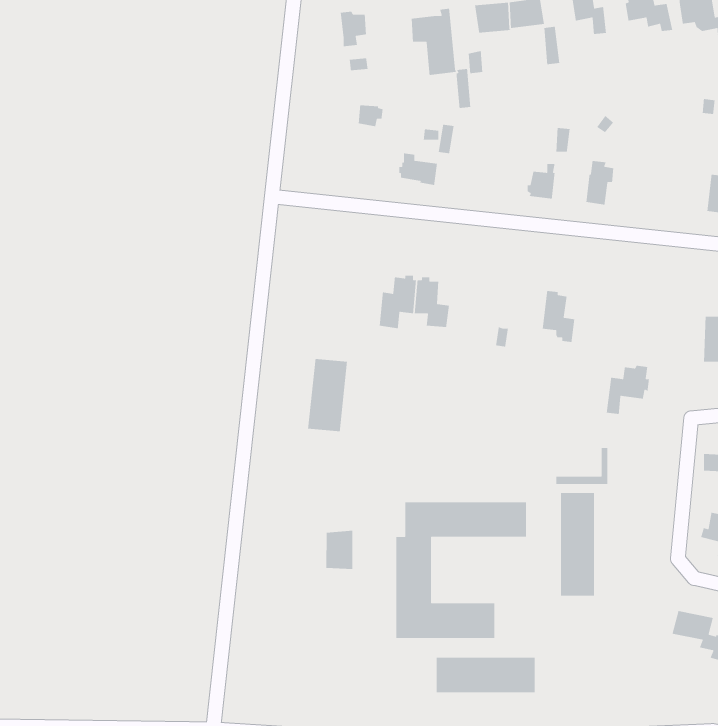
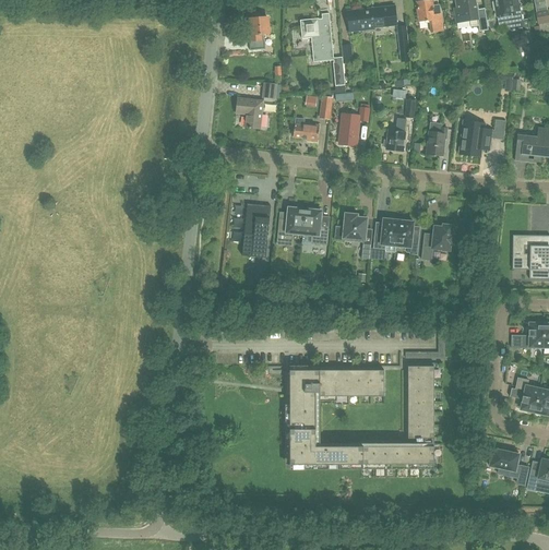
building: none -> [236,97,263,128]
building: none -> [338,107,369,145]
building: none -> [458,119,505,156]
building: none -> [334,213,366,239]
building: none -> [373,216,398,251]
building: [307,358,348,432] -> [241,203,271,256]
building: [606,365,650,415] -> [421,224,453,260]
building: [326,530,353,570] -> none
building: [436,657,535,693] -> [361,442,433,468]

